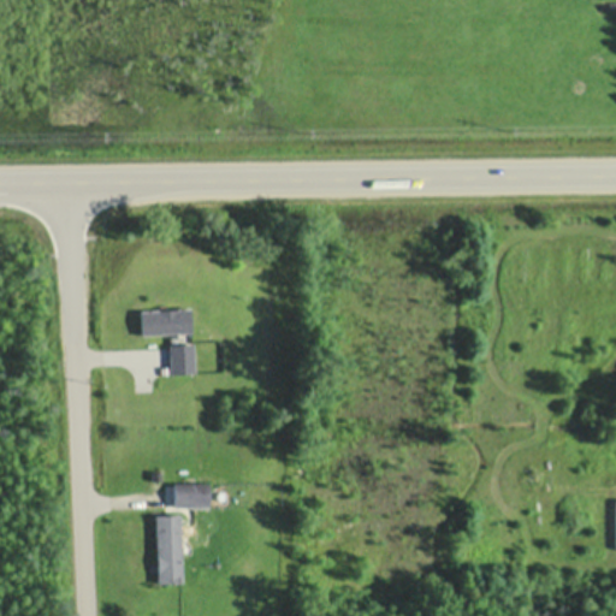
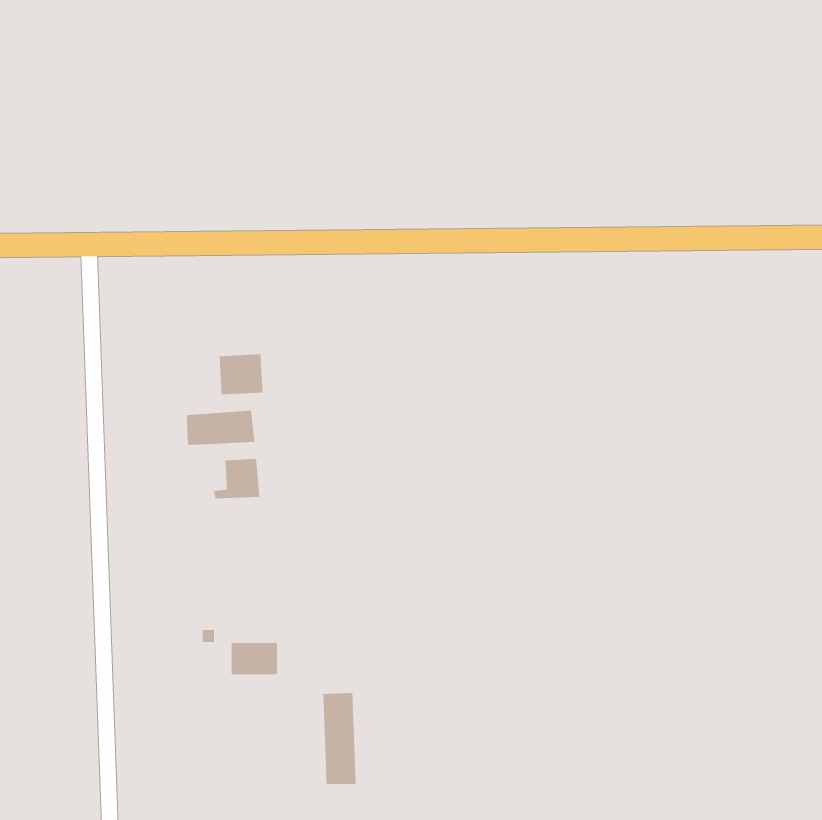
building: none -> [219,354,263,395]
building: [156,515,182,584] -> [322,692,356,784]

